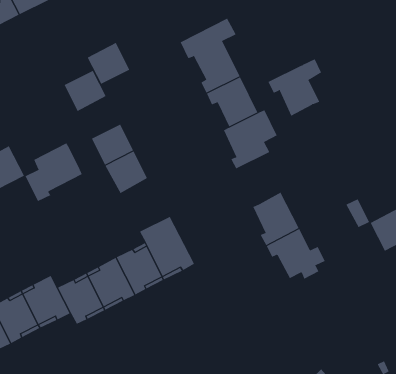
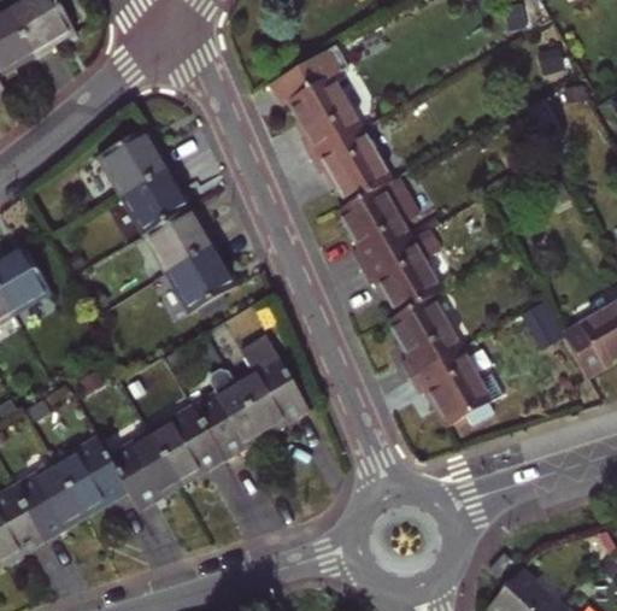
building: [87,42,130,84] -> [123,168,188,231]
building: [268,58,322,117] -> [362,227,441,315]
building: [25,143,83,202] -> none

